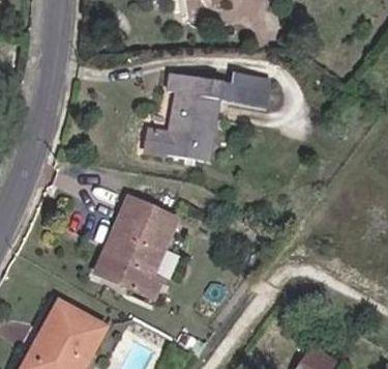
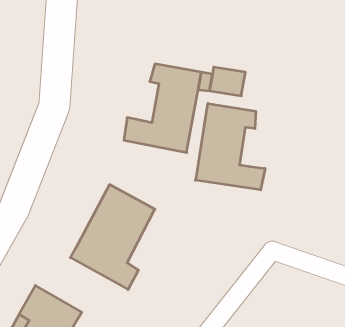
building: none -> [195,103,265,190]

